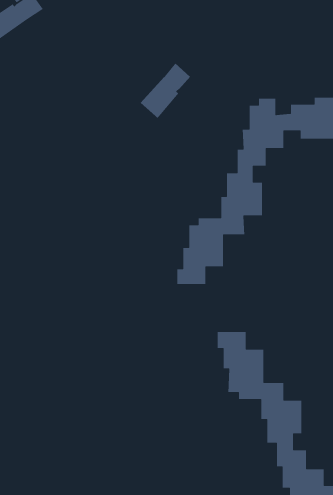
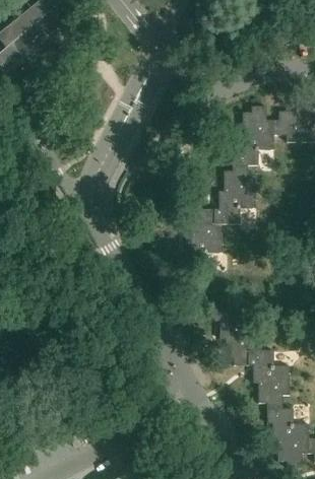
building: [140,63,191,119] -> none

